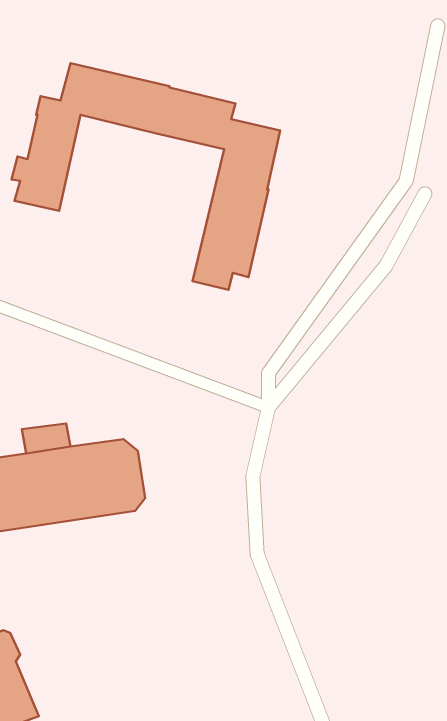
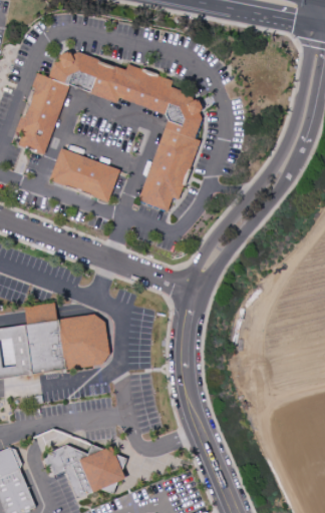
building: none -> [49,149,119,200]
building: none -> [43,444,126,499]

